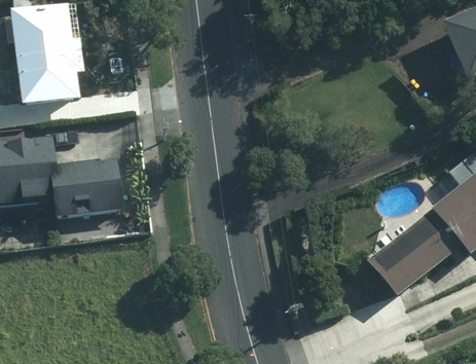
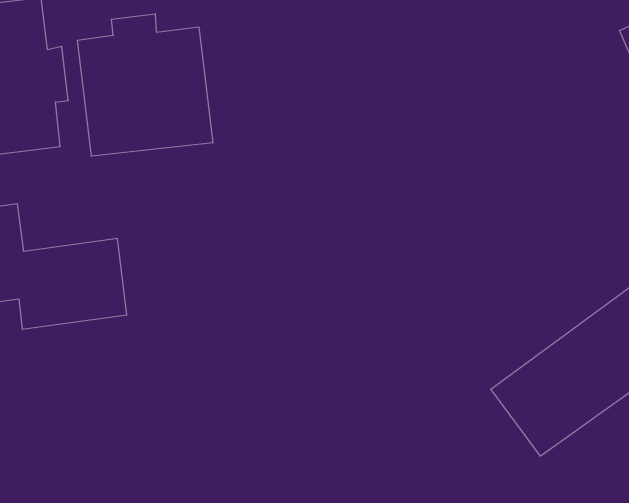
building: none -> [77,14,213,156]

